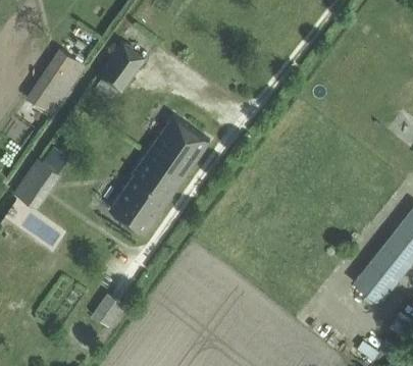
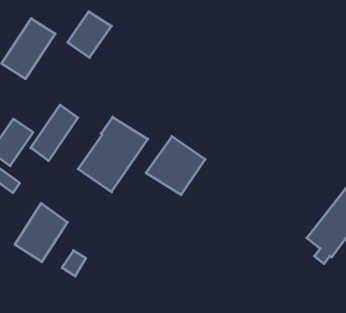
building: [146,116,209,178] -> [146,136,205,195]
building: none -> [31,105,78,161]
building: none -> [15,203,68,262]

